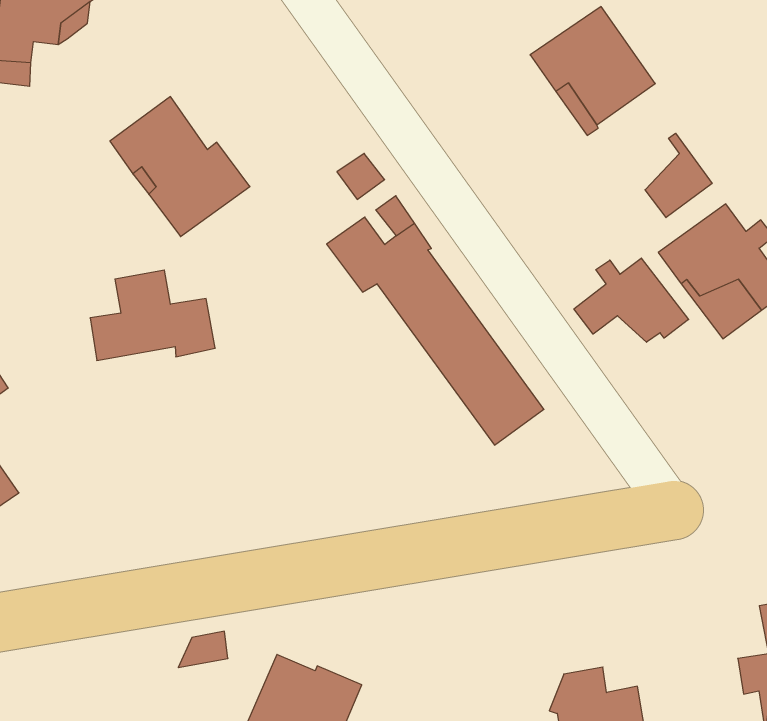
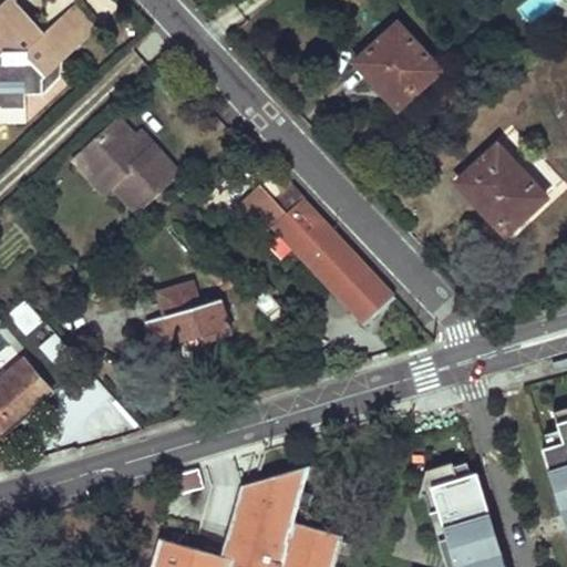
building: [645,133,712,218] -> none
building: [574,258,689,342] -> none
building: [90,270,215,360] -> [146,285,231,350]

